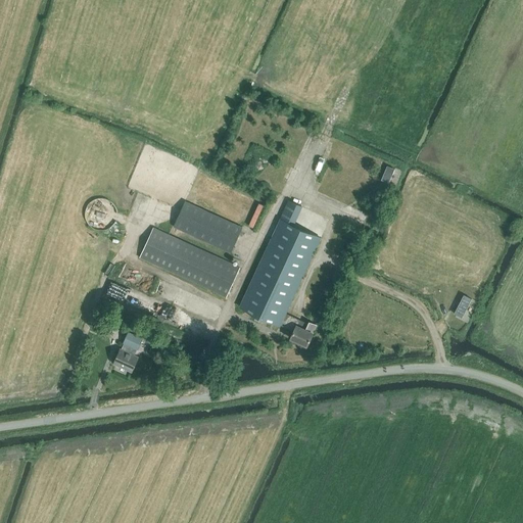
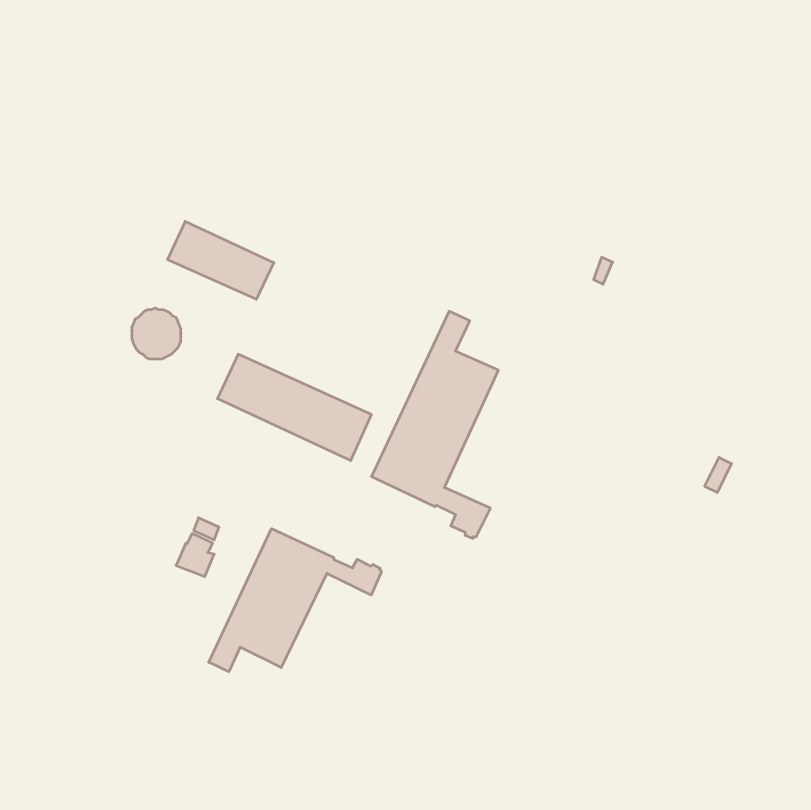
building: [174,202,242,252] -> [168,221,274,299]
building: none -> [209,529,381,672]

